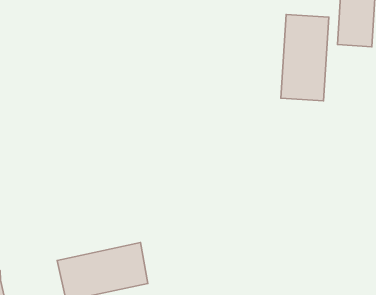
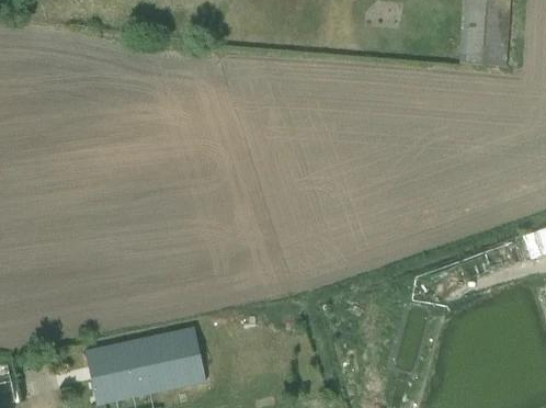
building: [281,15,329,101] -> none

